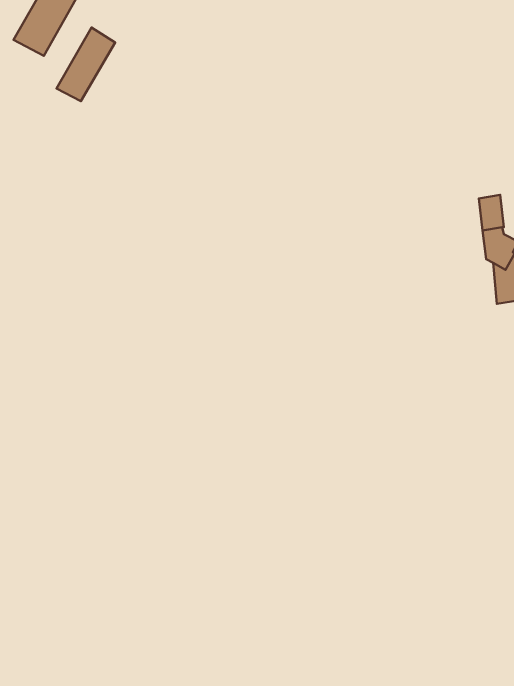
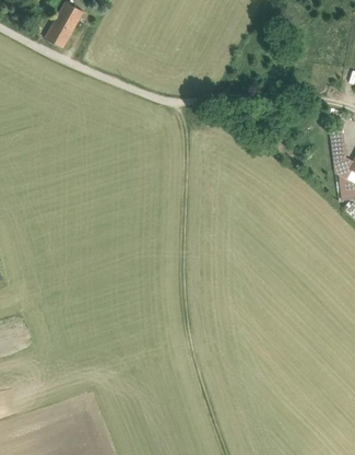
building: [57,28,115,101] -> none

